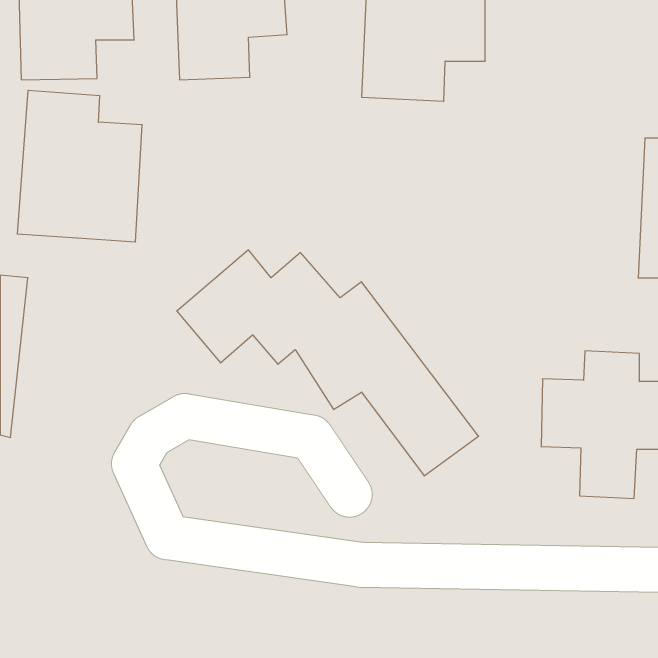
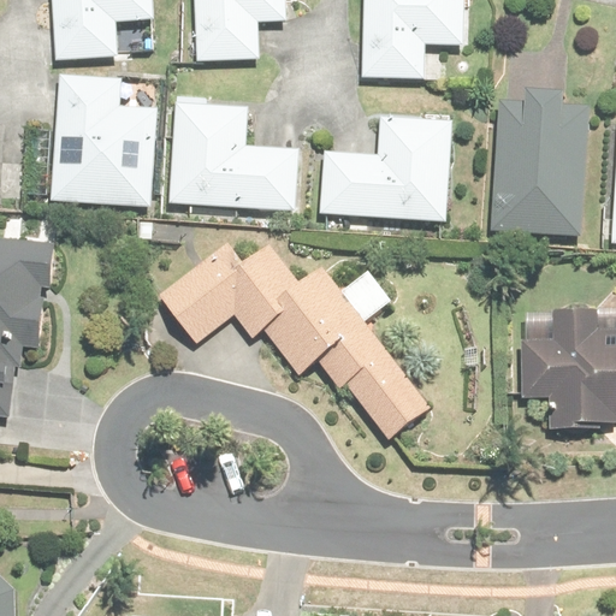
building: none -> [474,107,579,250]
building: none -> [156,111,288,219]
building: none -> [303,124,444,236]

